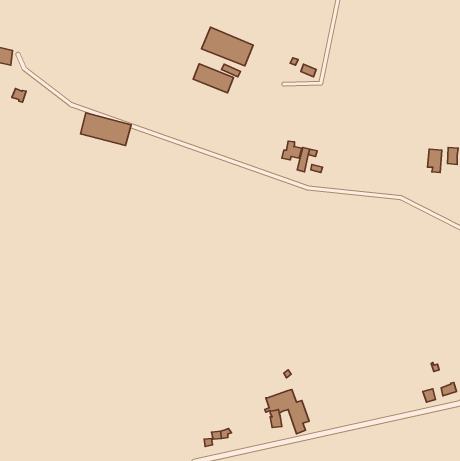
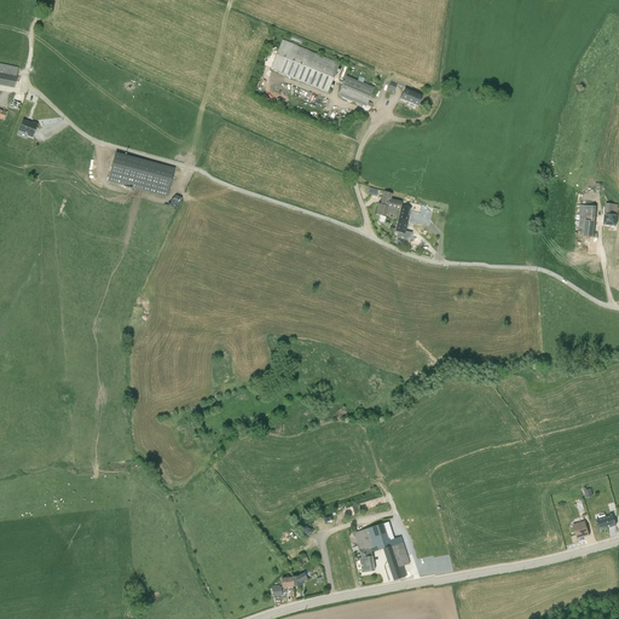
building: none -> [341,75,375,104]
building: [193,64,233,93] -> none

